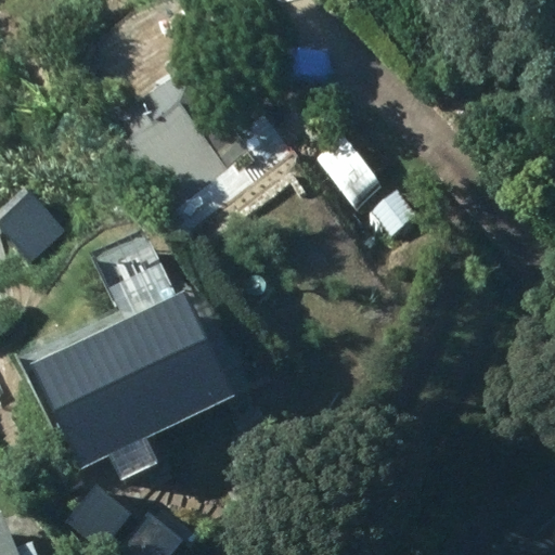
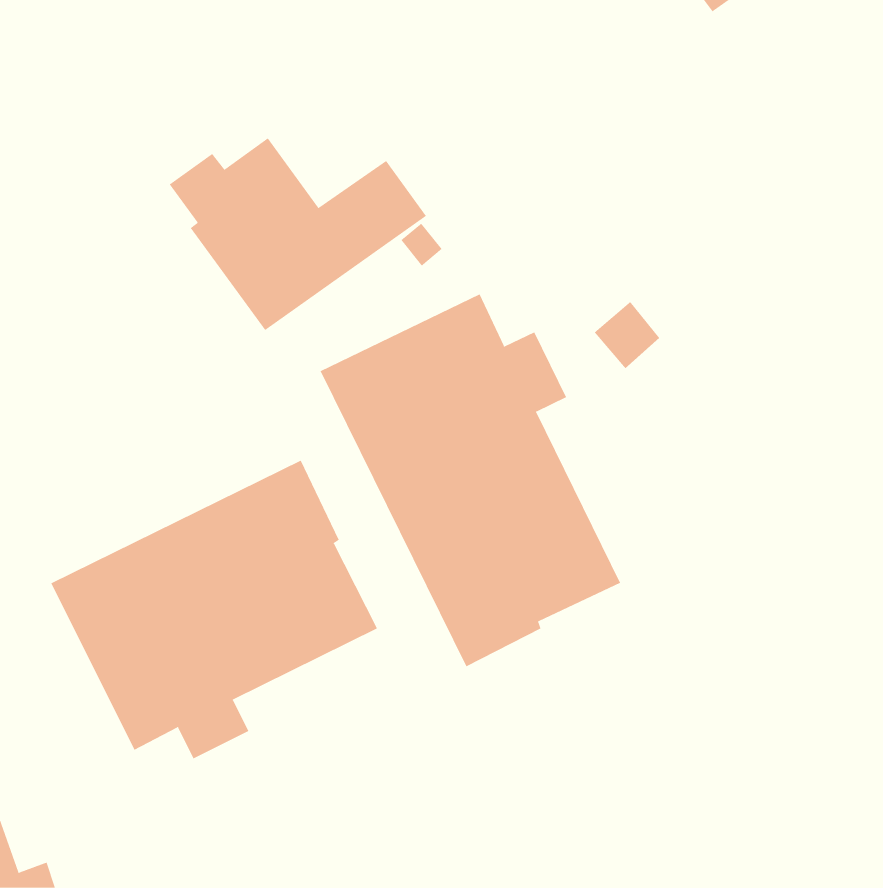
building: none -> [320,293,621,667]

